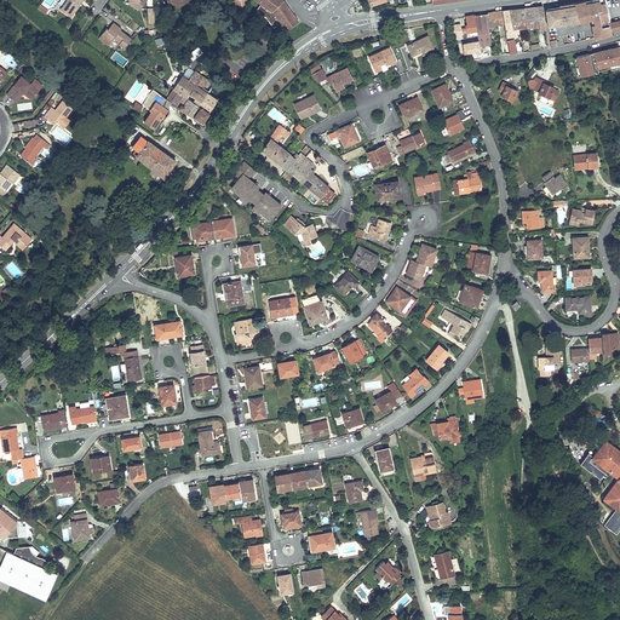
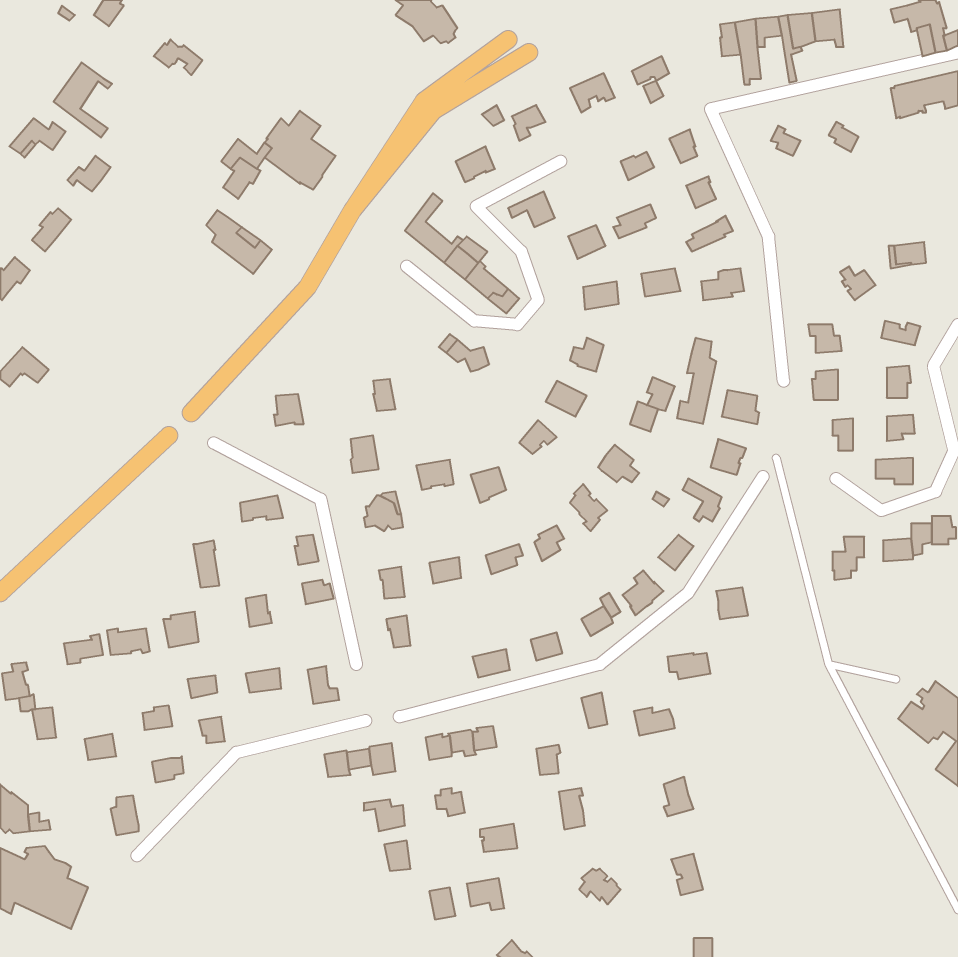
building: [546,6,580,27] -> none
building: none -> [54,62,112,138]
building: [231,162,281,222] -> none
building: none -> [677,338,716,424]
building: [193,220,235,242] -> none

